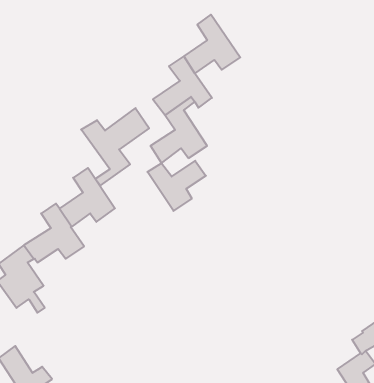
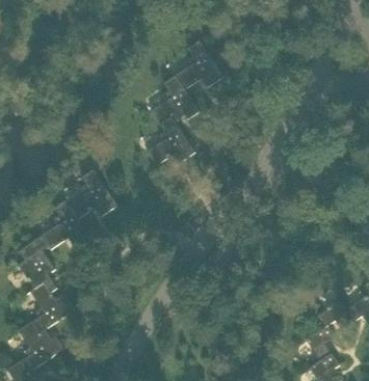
building: [81,108,149,185] -> none
building: [147,161,206,211] -> none
building: none -> [29,280,76,343]

